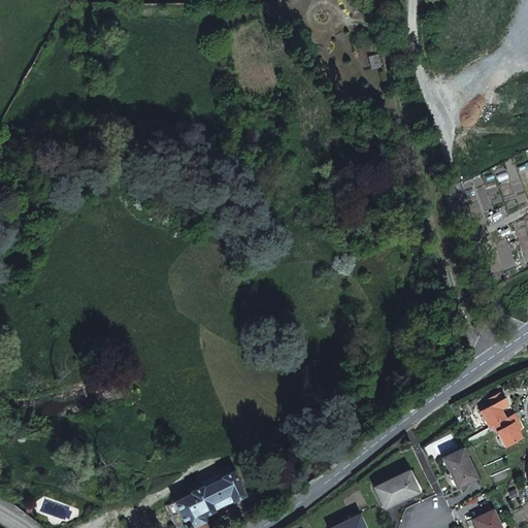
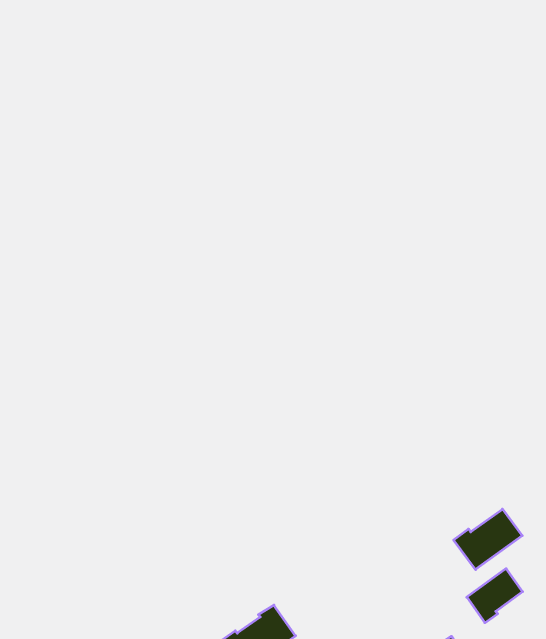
building: none -> [454,509,522,570]

